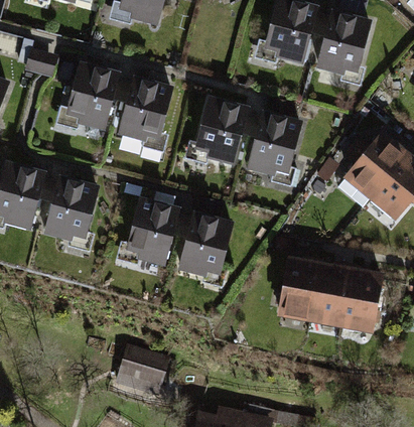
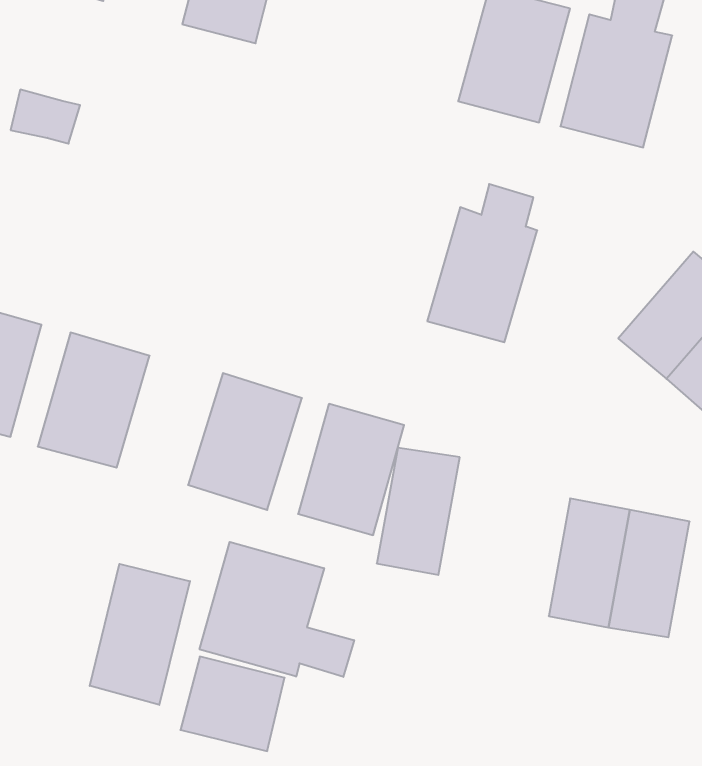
building: [58,60,120,133] -> none
building: [119,78,173,145] -> none
building: [192,97,249,166] -> none
building: [276,258,319,324] -> [377,448,460,575]
building: none -> [200,542,354,677]
building: none -> [90,564,190,705]

